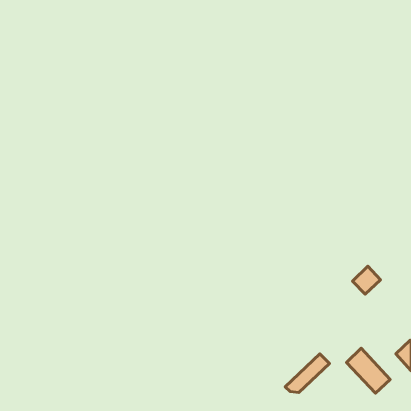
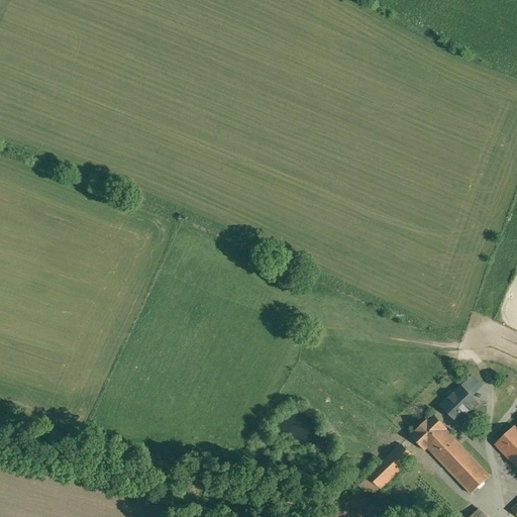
building: [352,266,381,294] -> [441,386,477,421]
building: none -> [410,414,452,454]

